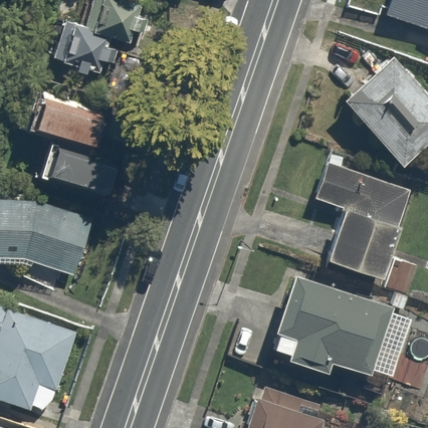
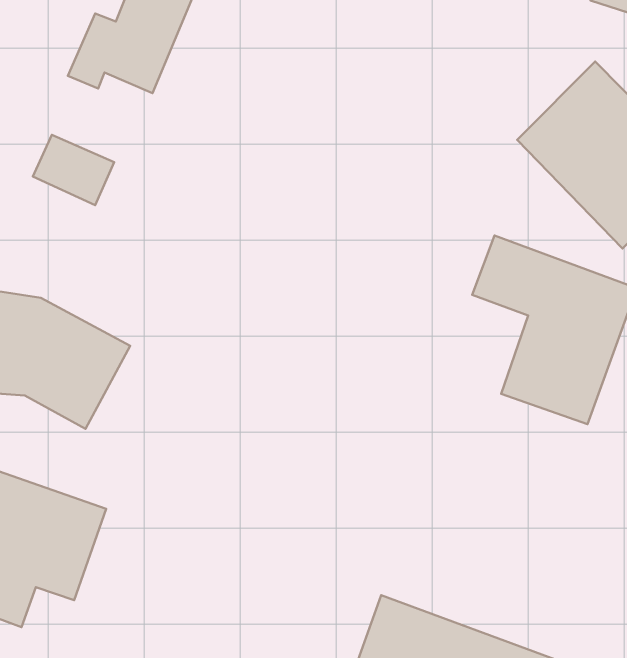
building: [37,142,120,201] -> none
building: [265,269,398,388] -> none

